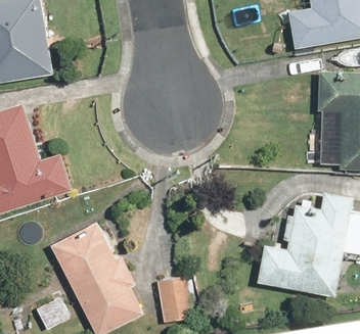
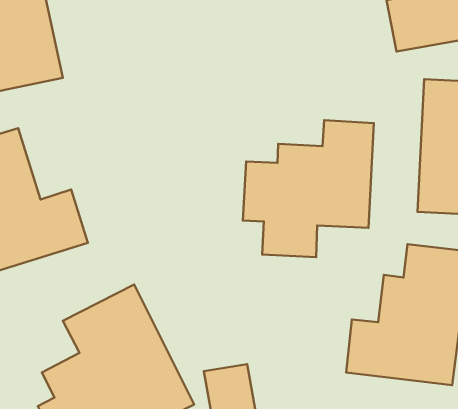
building: none -> [243,120,374,257]

